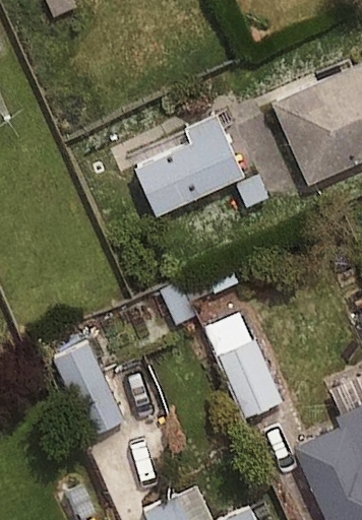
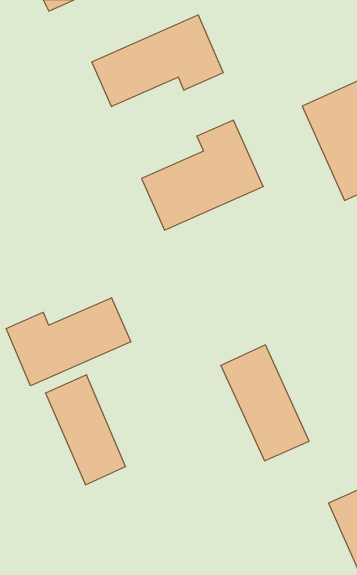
building: none -> [92,15,223,107]
building: none -> [6,298,131,386]

